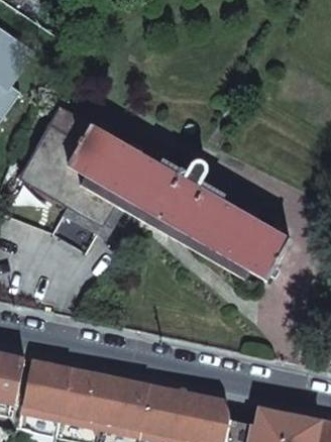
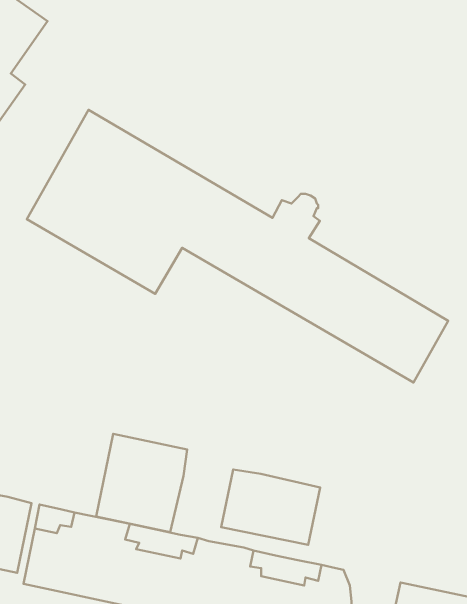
building: none -> [96,434,187,532]
building: none -> [221,469,320,545]

